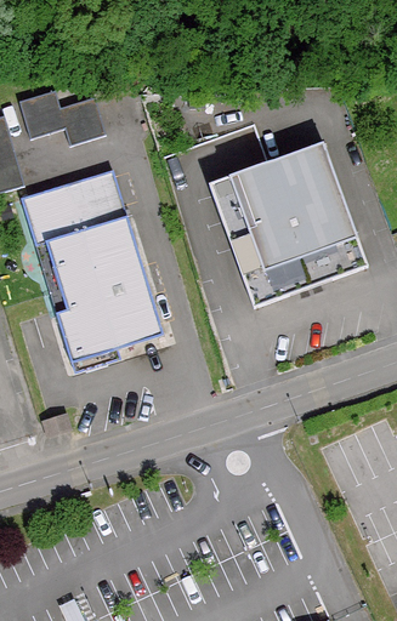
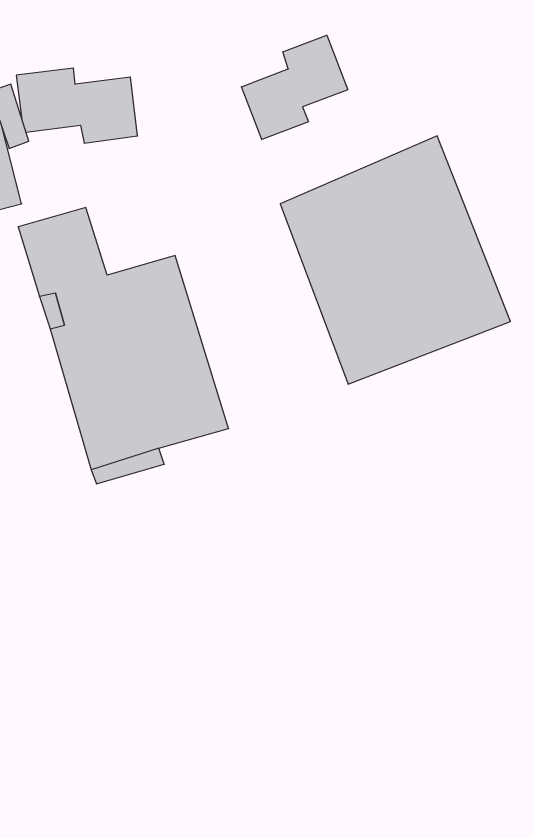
building: none -> [241,35,348,140]
building: [72,169,132,229] -> none

